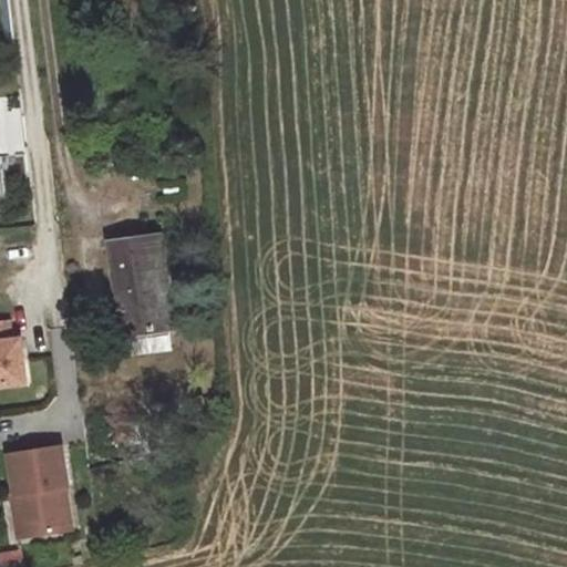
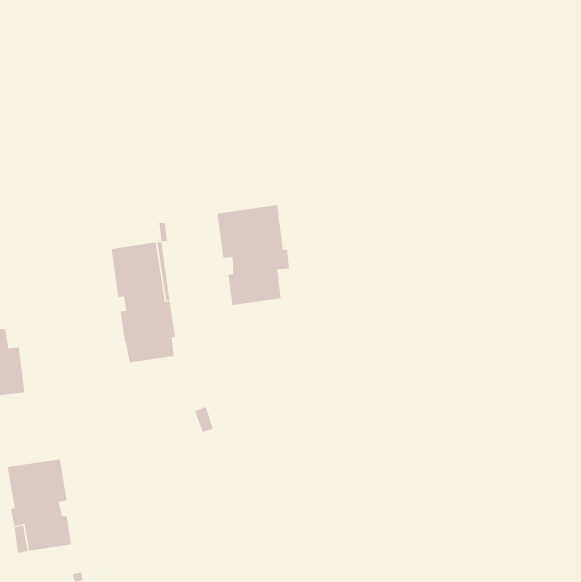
building: none -> [217,204,290,306]

